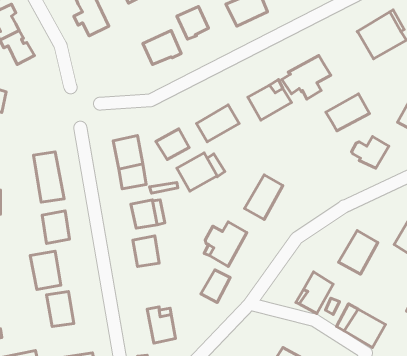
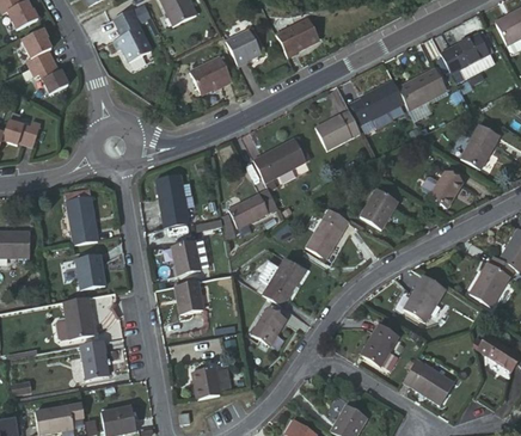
building: [326,94,370,131] -> [386,73,434,113]
building: [156,129,189,159] -> none
building: none -> [354,192,392,233]

